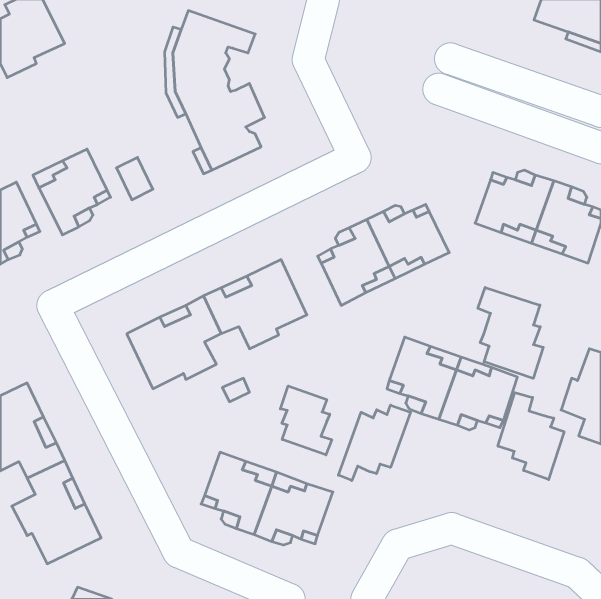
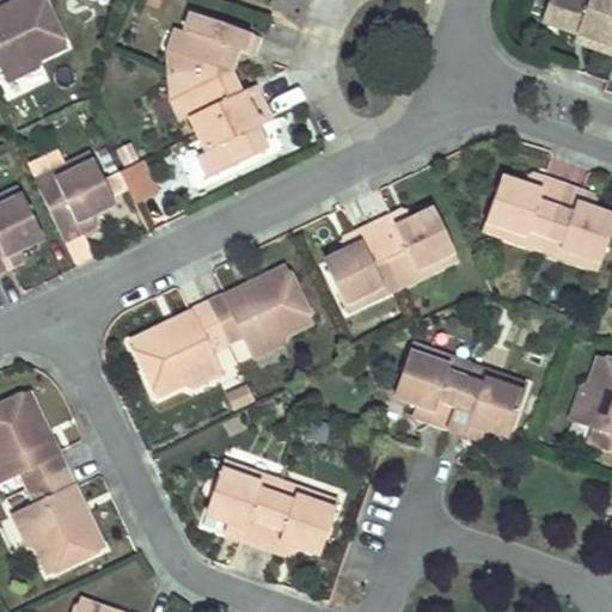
building: [478,287,543,378] -> none
building: [280,386,332,455] -> none
building: [498,393,564,480] -> none
building: [338,405,411,481] -> none

